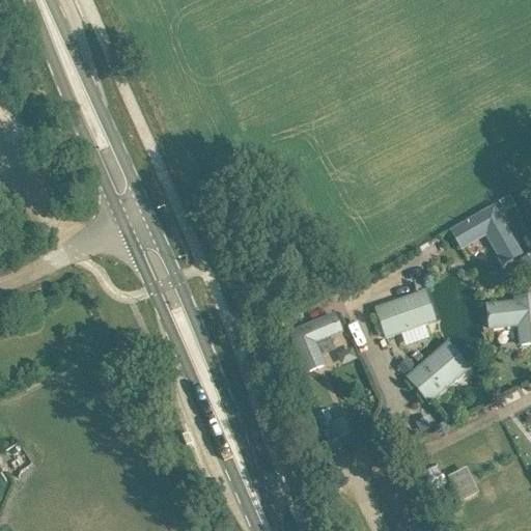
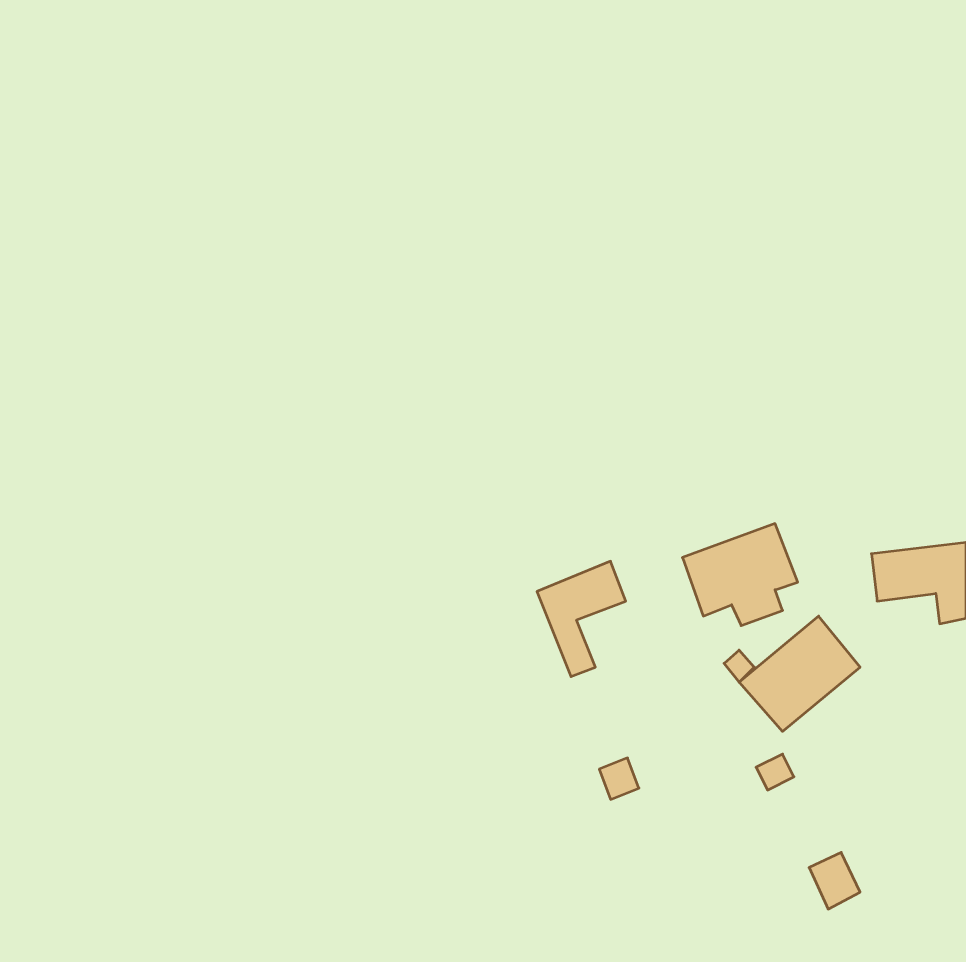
building: [449,202,522,263] -> none

